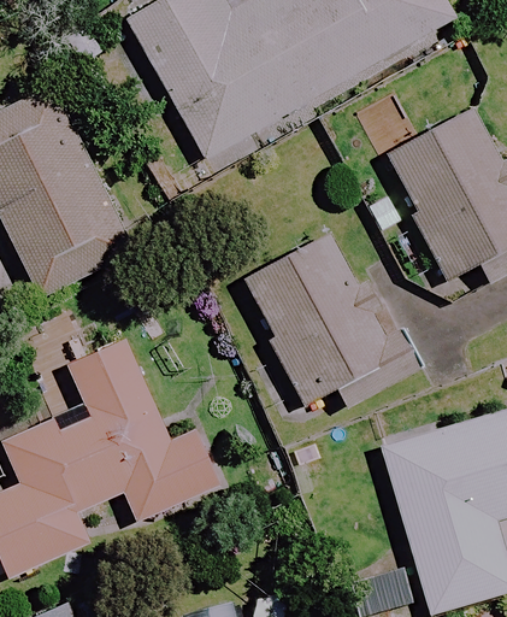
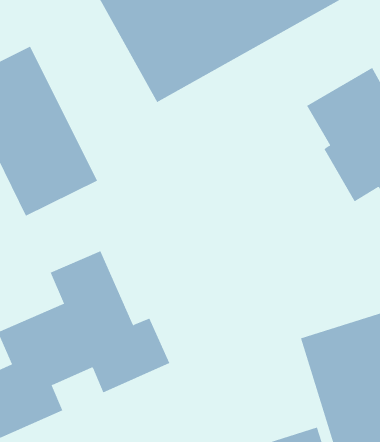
building: [242,237,428,404] -> none

